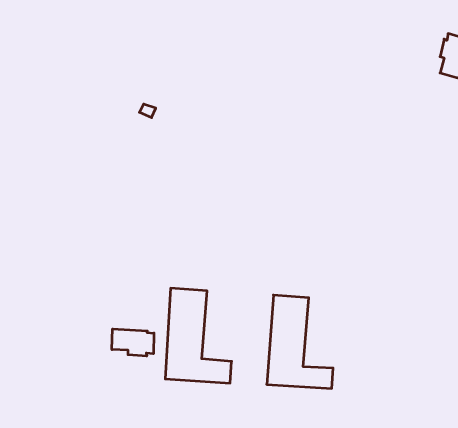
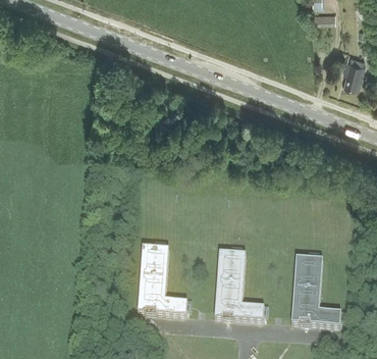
building: none -> [291,256,341,326]
building: [112,329,154,356] -> none

